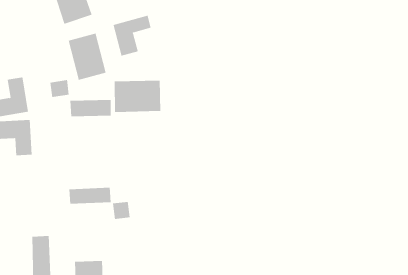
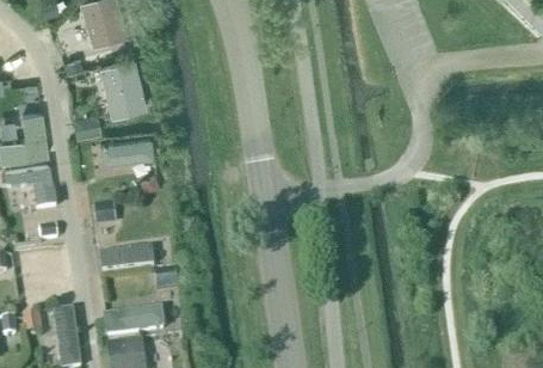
building: [113,15,151,56] -> none
building: [114,80,161,113] -> none
building: none -> [101,303,162,332]

